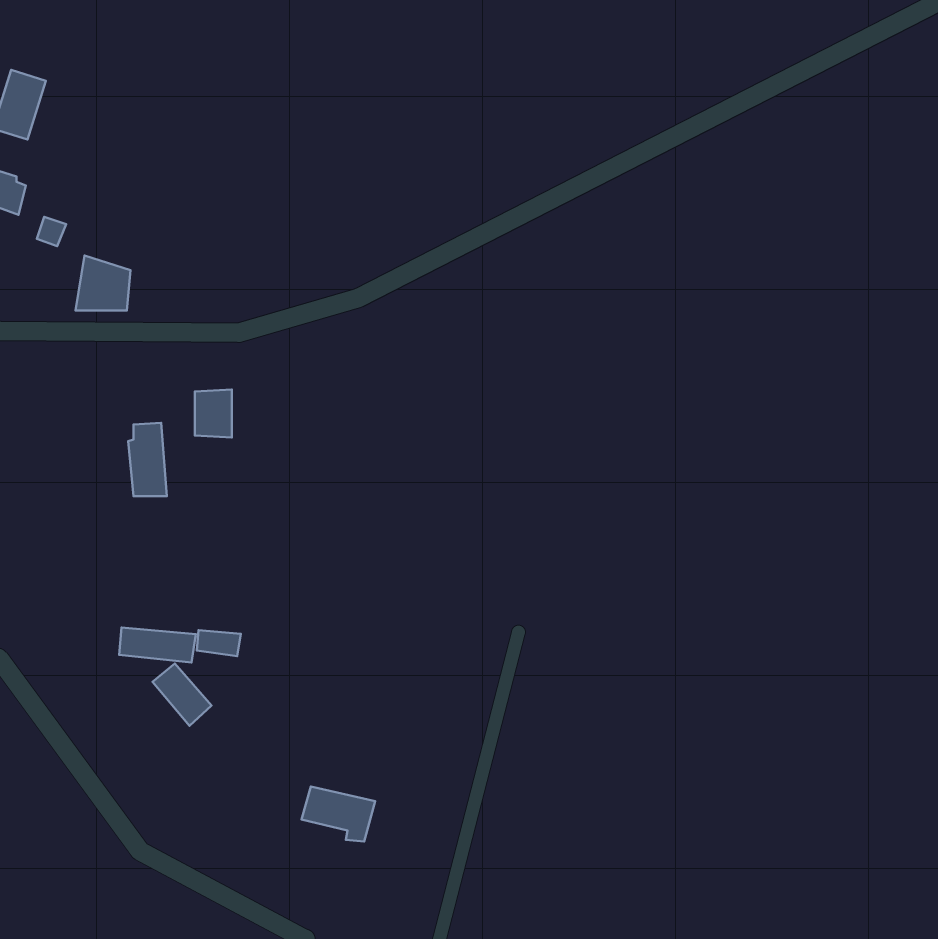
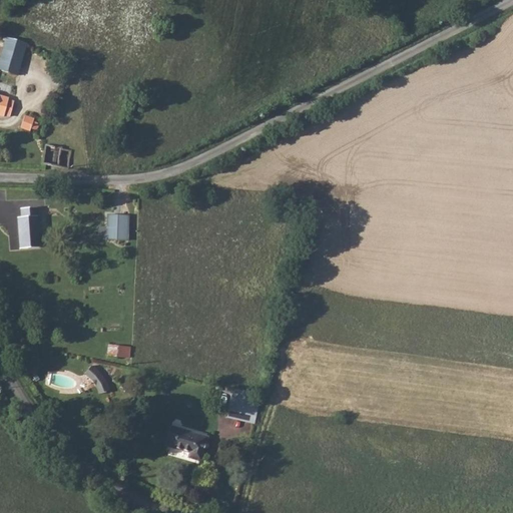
building: [128,423,167,496] -> [14,207,35,247]
building: [119,628,196,663] -> none
building: none -> [226,388,262,423]

